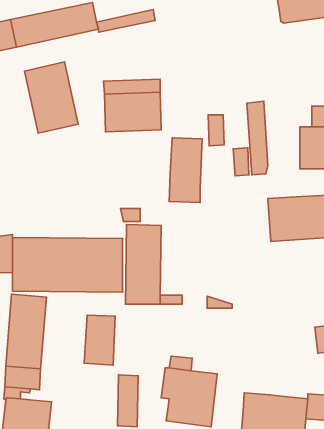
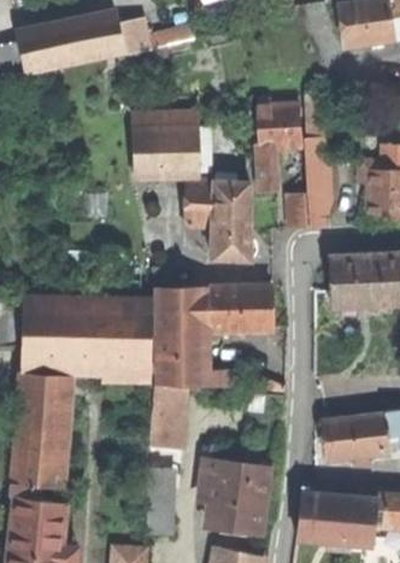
building: [24,62,78,133] -> none
building: none -> [258,104,302,149]
building: none -> [184,180,214,225]
building: none -> [207,285,273,330]
building: [84,315,115,365] -> [152,387,189,447]
building: none -> [322,411,392,459]

